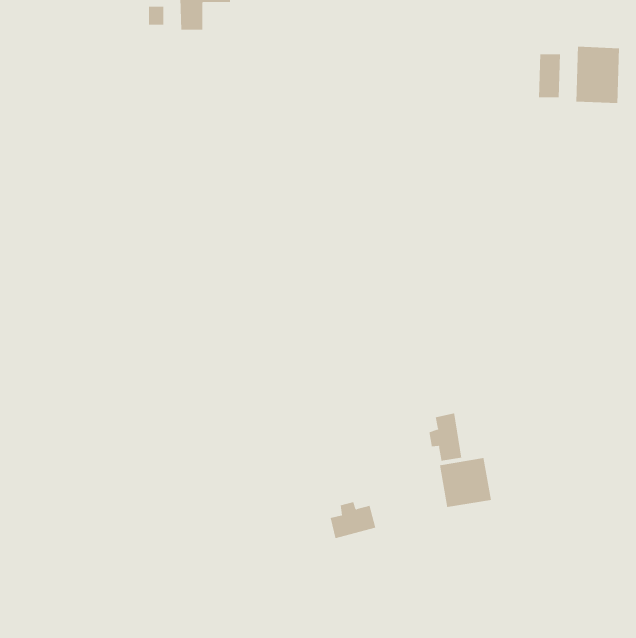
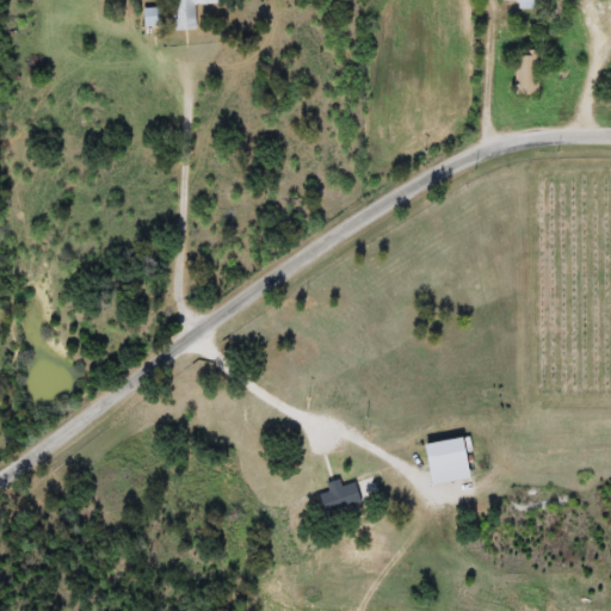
building: [576,46,620,104] -> none
building: [429,413,462,462] -> none

